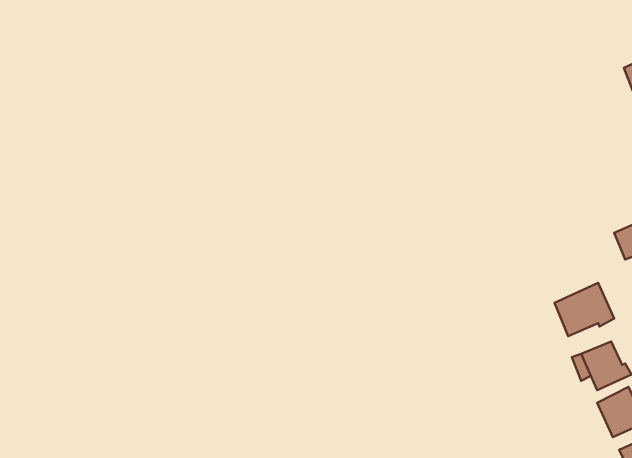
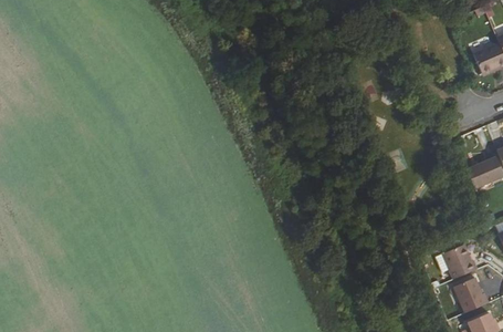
building: [555,283,614,336] -> none

